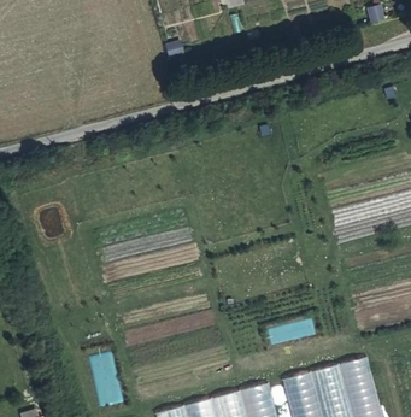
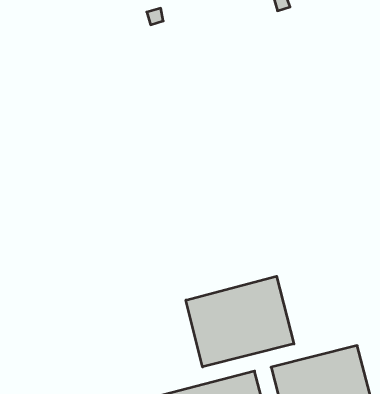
building: none -> [186,276,294,367]

